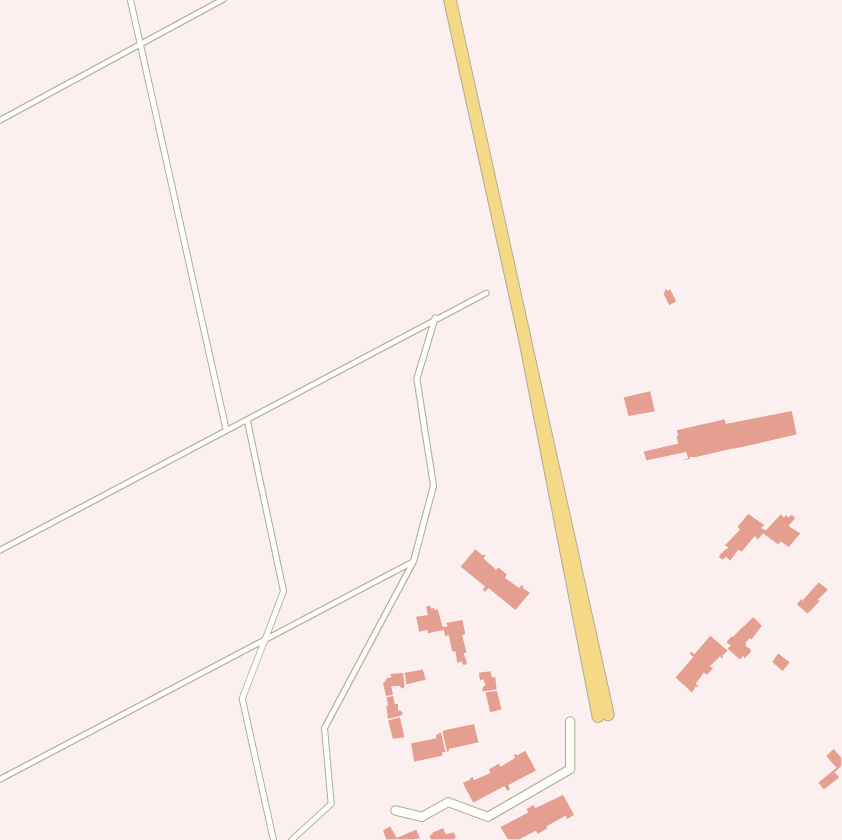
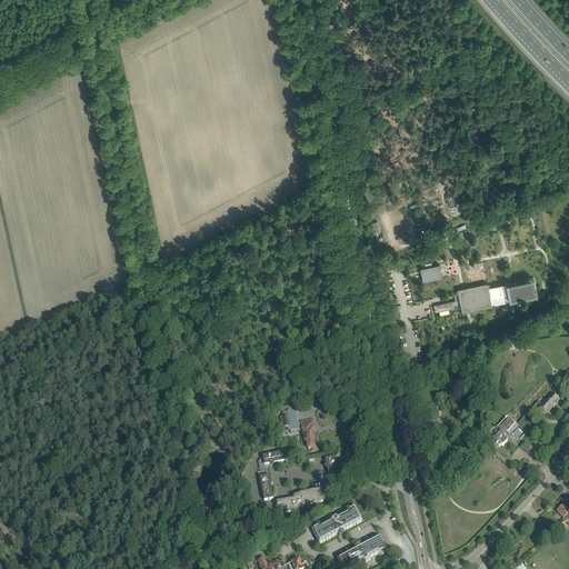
building: [718,513,801,562] -> none
building: [460,548,531,611] -> none
building: [675,635,728,693] -> none

